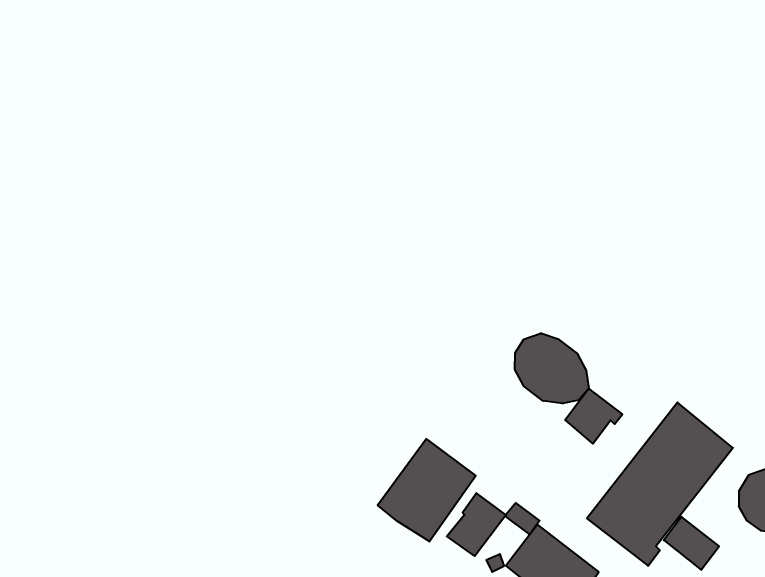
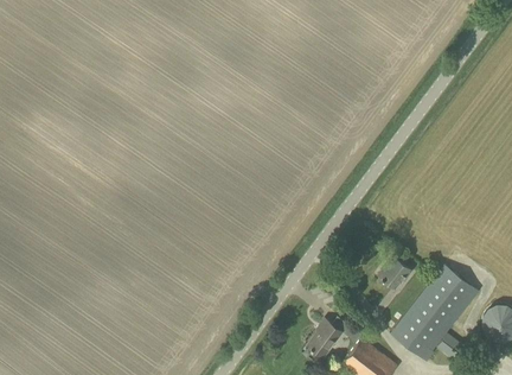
building: [515,333,589,404] -> none
building: [378,439,476,542] -> none

